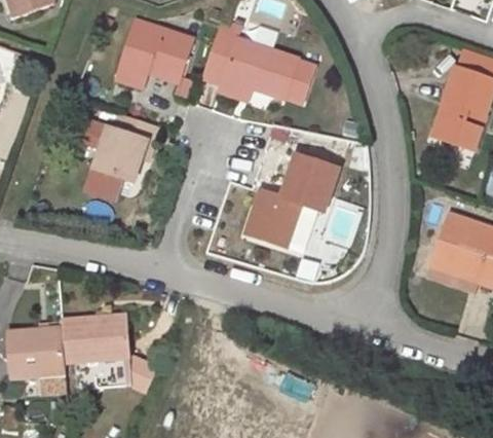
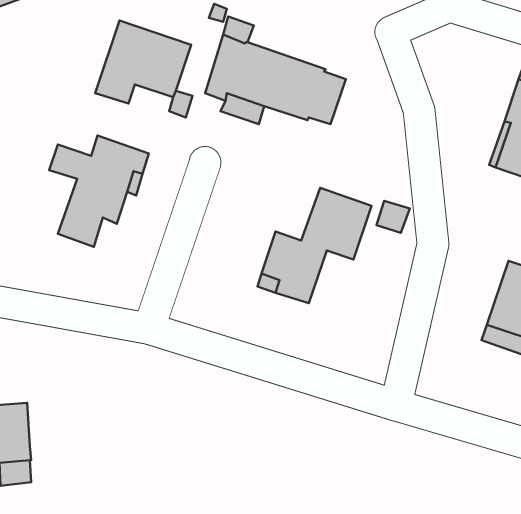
building: [60,313,155,391] -> none

